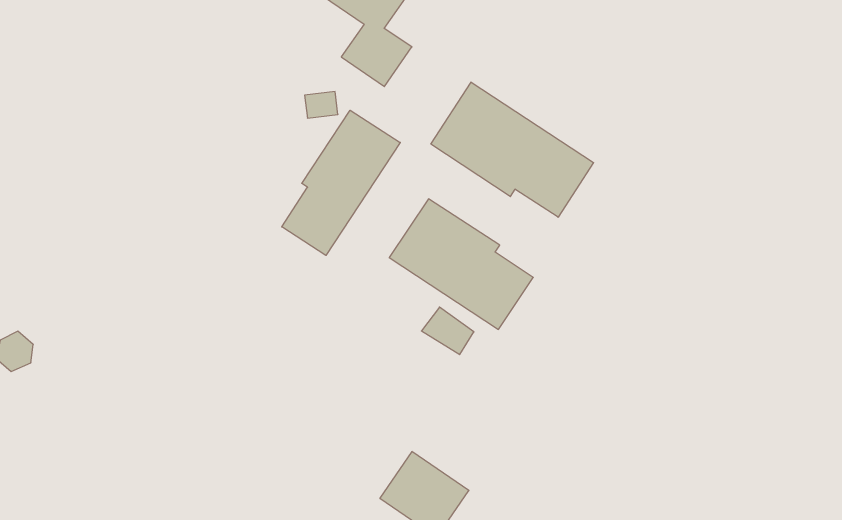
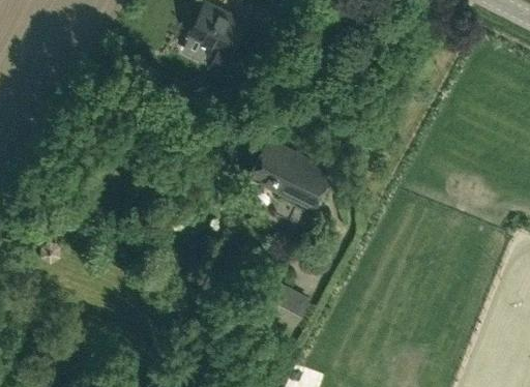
building: [431,82,594,217] -> none
building: [282,110,400,255] -> none

